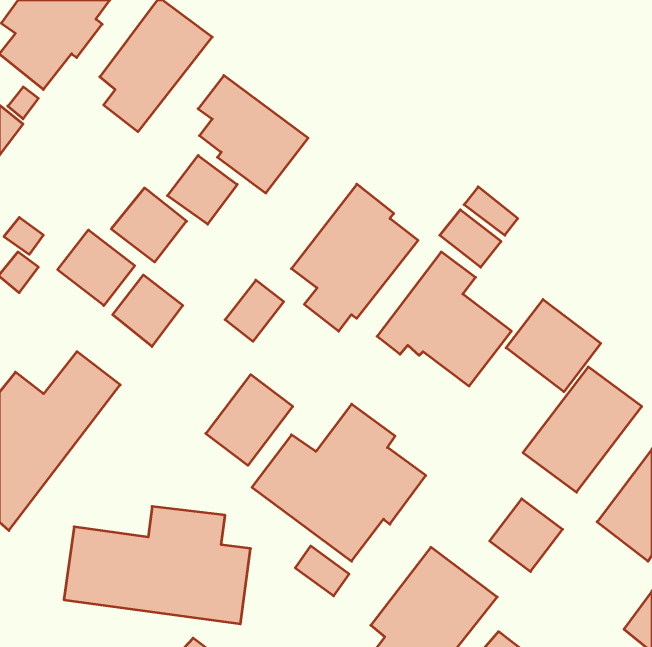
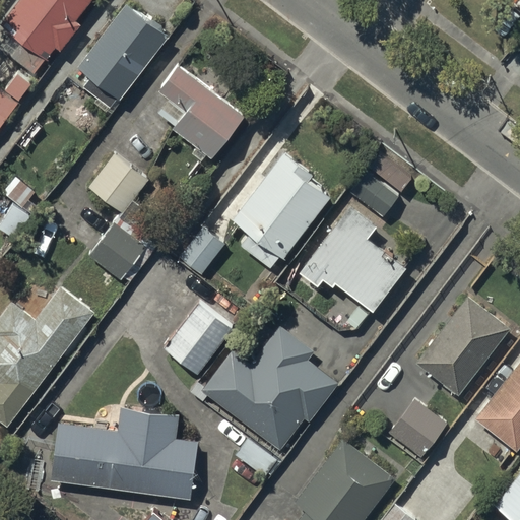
building: [167,155,237,224] -> none
building: [58,230,135,306] -> none
building: [506,299,601,392] -> none

